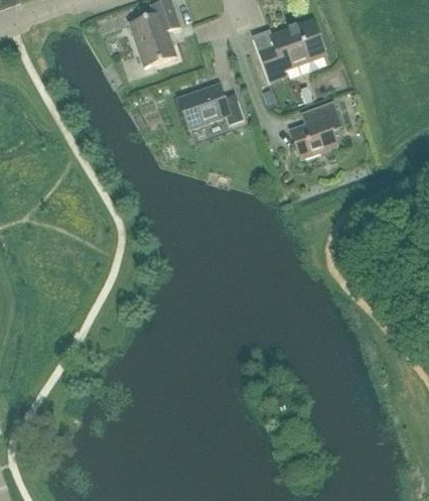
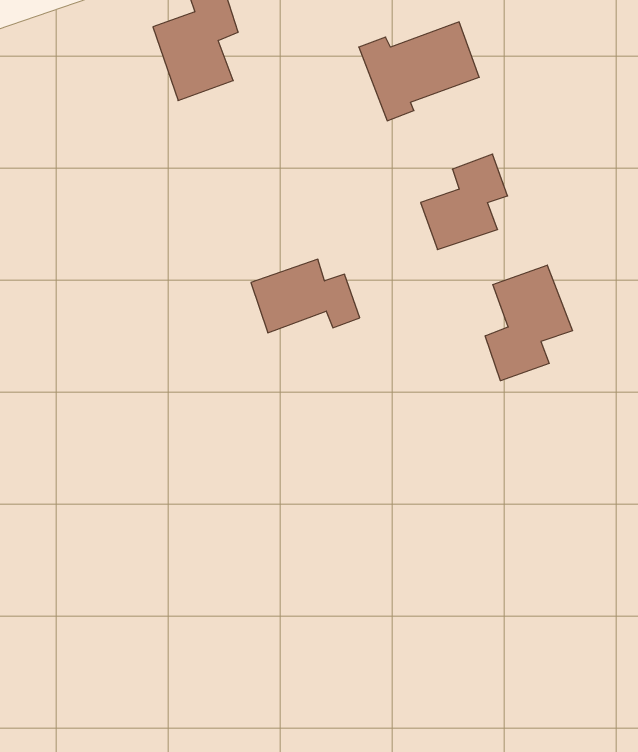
building: [178,83,244,127] -> [251,259,360,333]
building: none -> [485,265,572,381]

